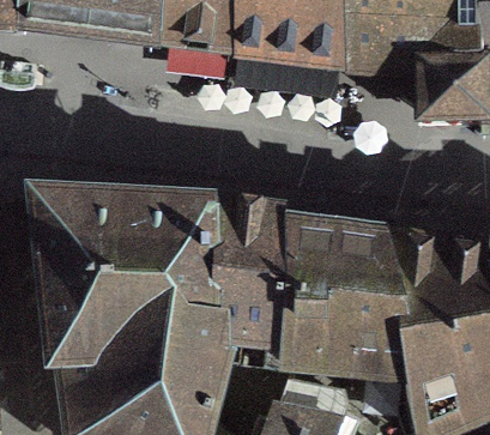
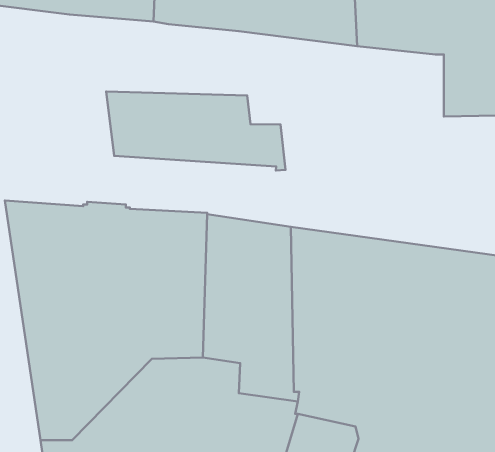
building: none -> [106,91,285,171]

